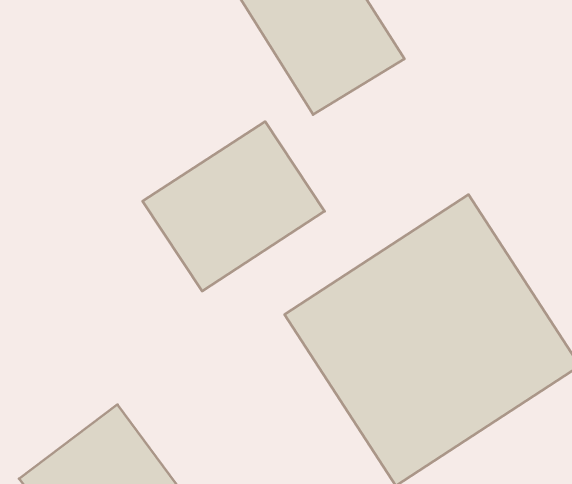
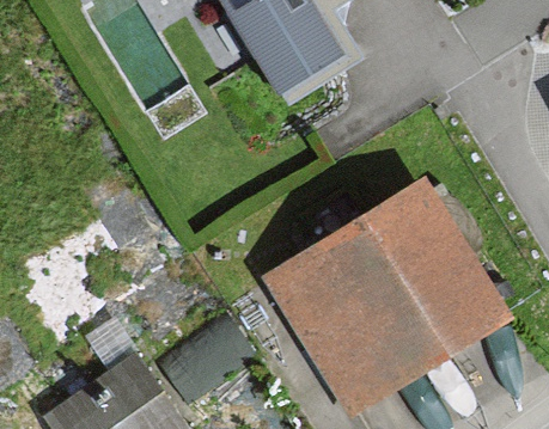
building: [143,122,325,291] -> none

